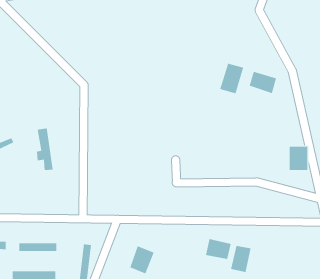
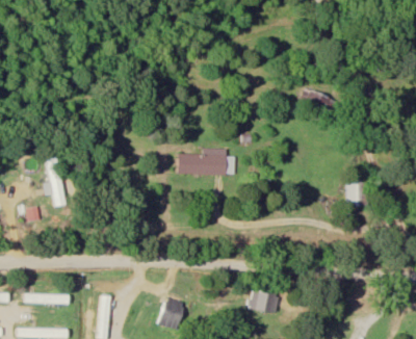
building: [219,63,244,94] -> none
building: none -> [178,155,227,175]
building: [230,245,251,273] -> none

